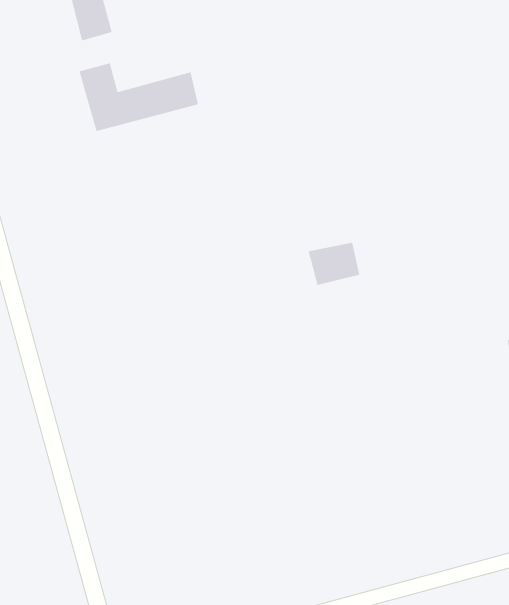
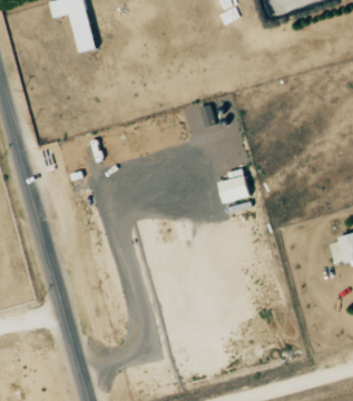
building: [79,62,199,132] -> none

